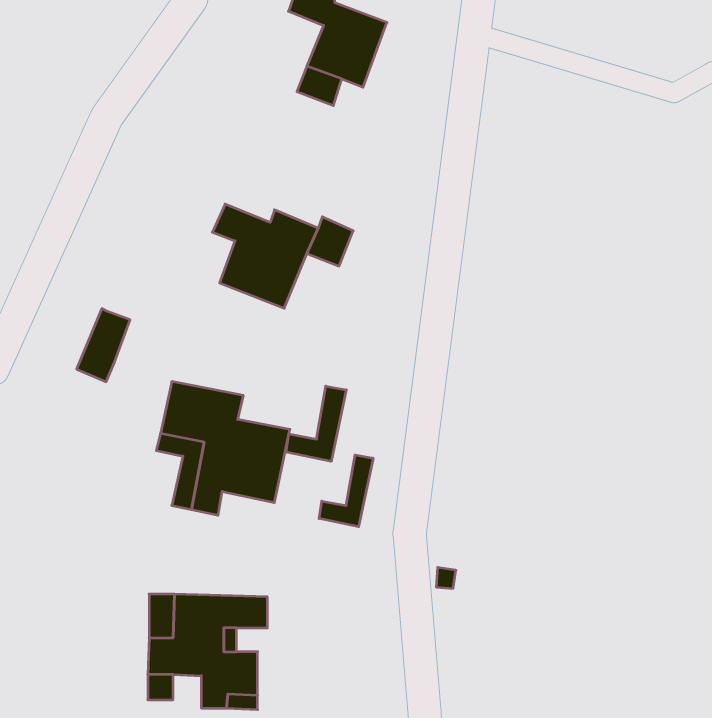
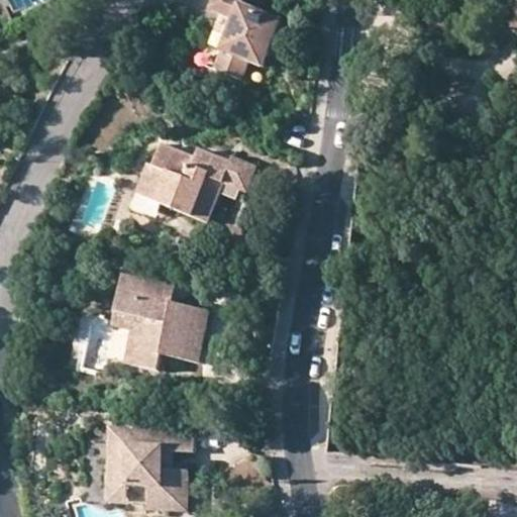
building: [77,309,130,382] -> [130,165,169,217]
building: [286,386,346,461] -> none
building: [319,455,373,527] -> none

